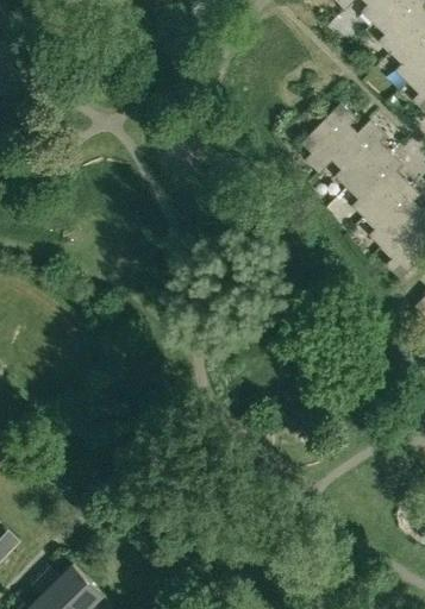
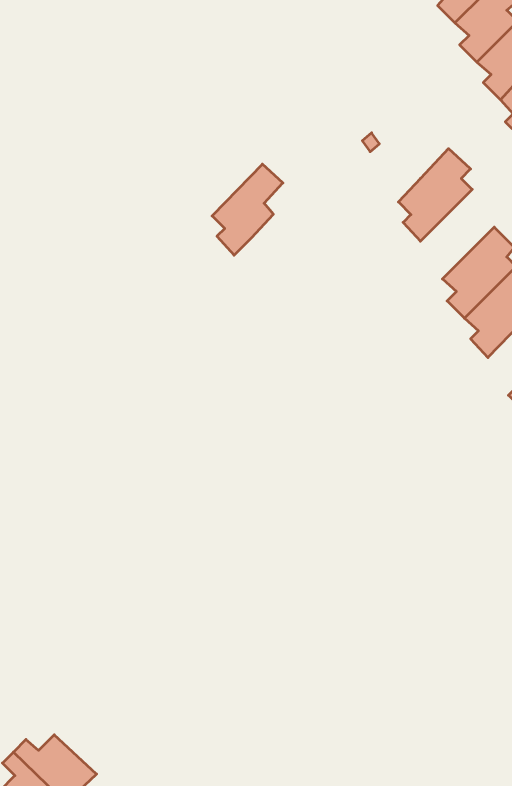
building: [302,105,356,174] -> [212,164,283,255]
building: [349,151,405,219] -> none

